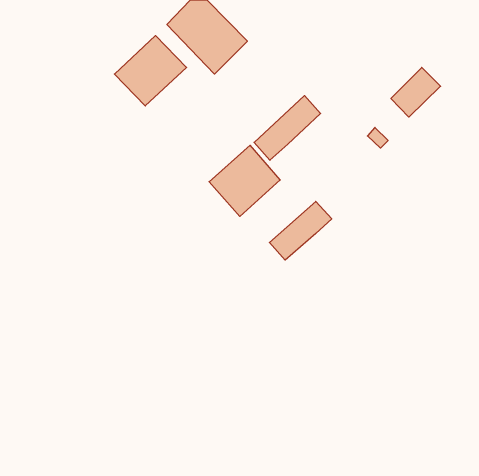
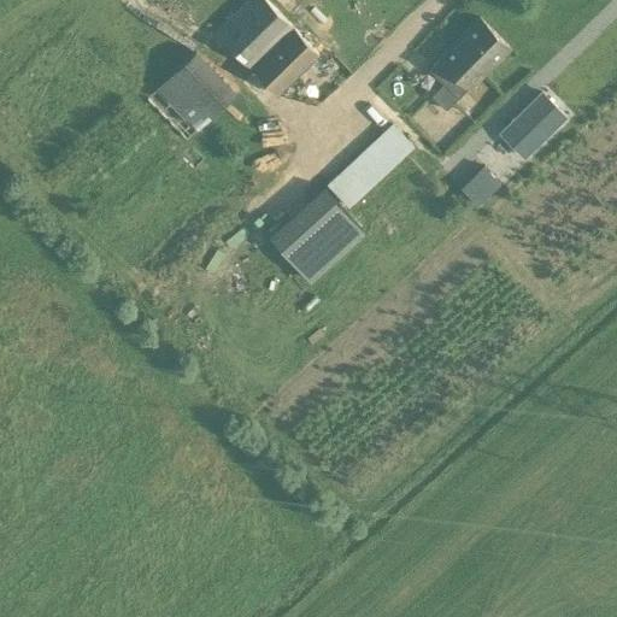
building: none -> [428,20,507,113]
building: [269,201,332,260] -> none

